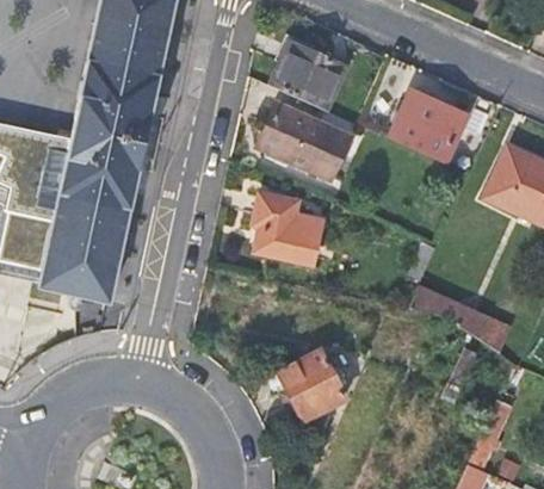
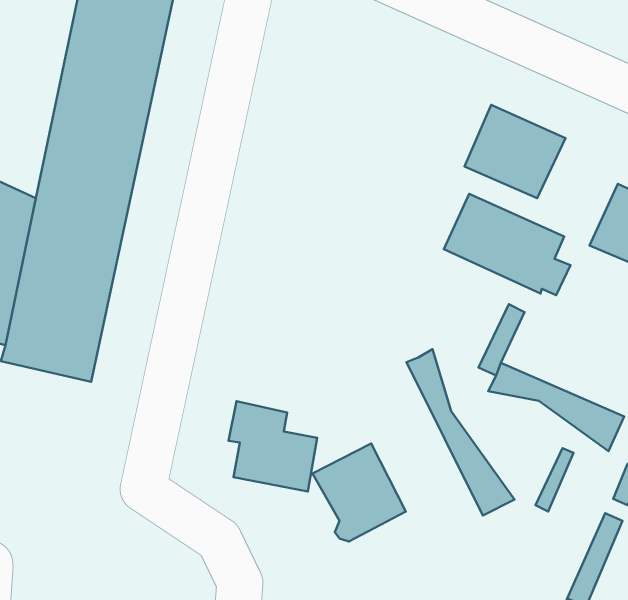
building: [271,42,345,109] -> none
building: [259,103,354,179] -> [444,194,570,295]
building: [253,192,320,260] -> [229,401,317,491]
building: none -> [406,349,515,516]

